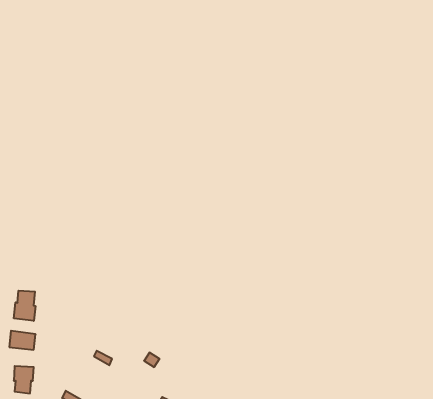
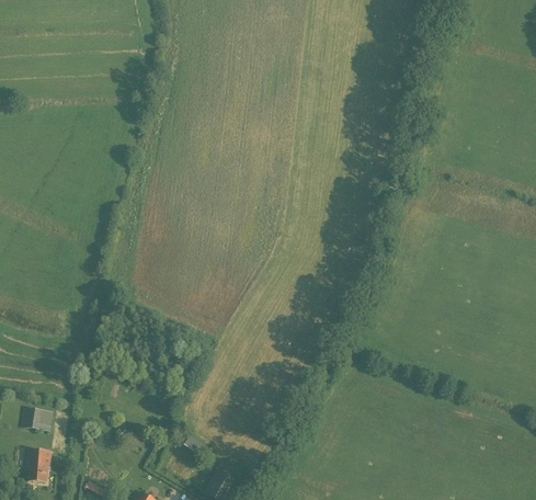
building: [14,291,35,321] -> none

